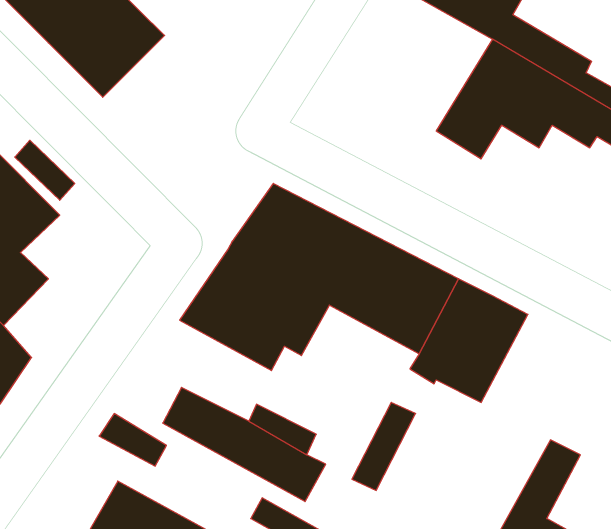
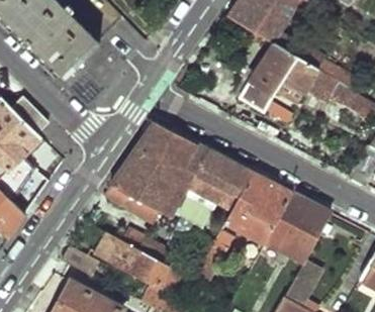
building: none -> [267,192,330,259]

